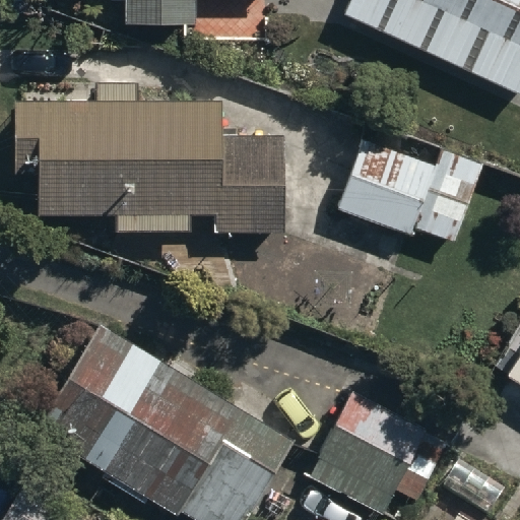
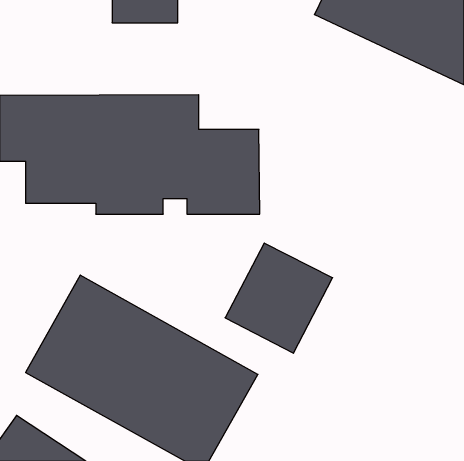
building: [339,139,483,244] -> none
building: [305,376,425,499] -> [225,243,333,353]

